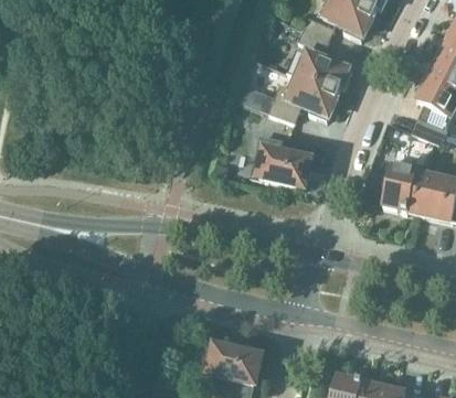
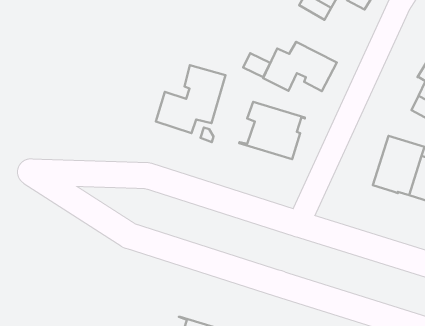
building: [298,49,352,89] -> none
building: none -> [156,65,226,133]

